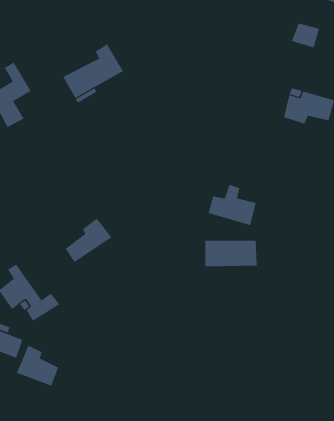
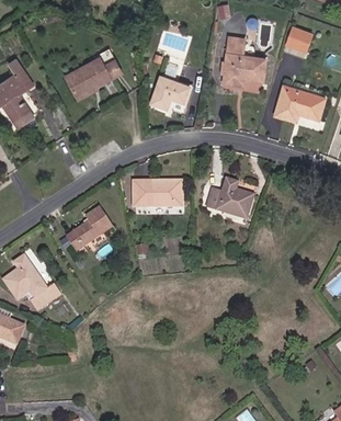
building: none -> [218,42,260,88]
building: none -> [150,79,187,111]
building: [204,240,258,267] -> [128,184,179,209]
building: [16,345,59,386] -> none

